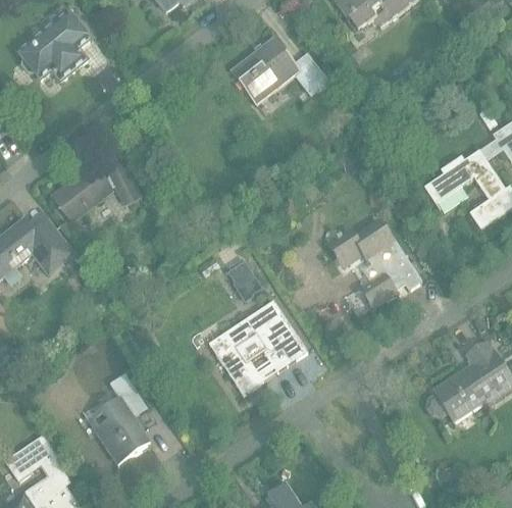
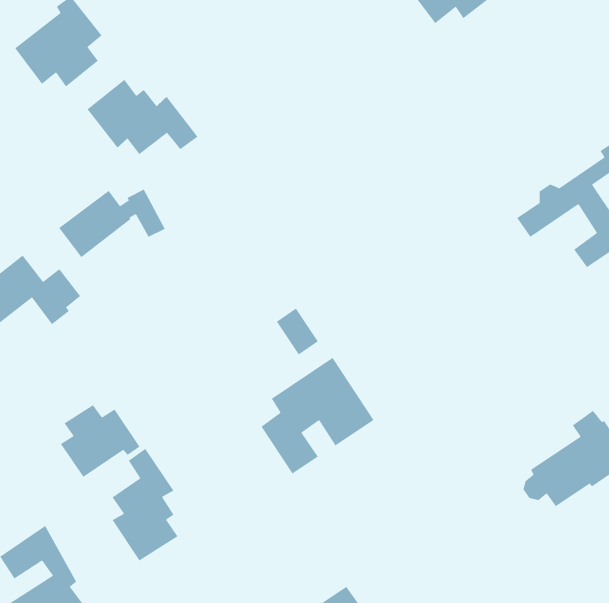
building: [232,40,329,102] -> none
building: none -> [87,79,198,155]
building: [329,221,421,306] -> none
building: none -> [60,404,141,478]

